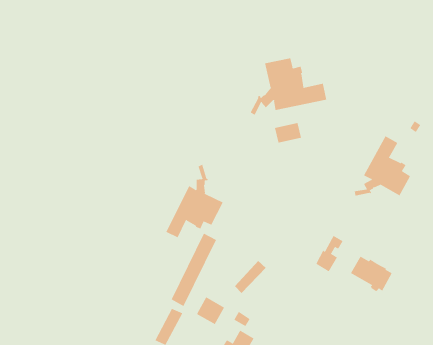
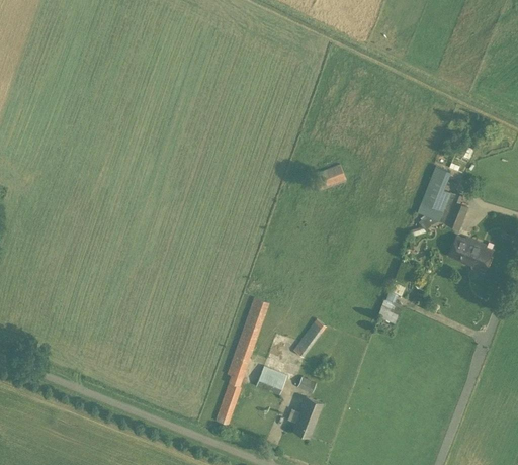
building: [250,57,327,116] -> none
building: [165,164,223,238] -> none
building: [350,256,392,292] -> [448,235,494,271]

